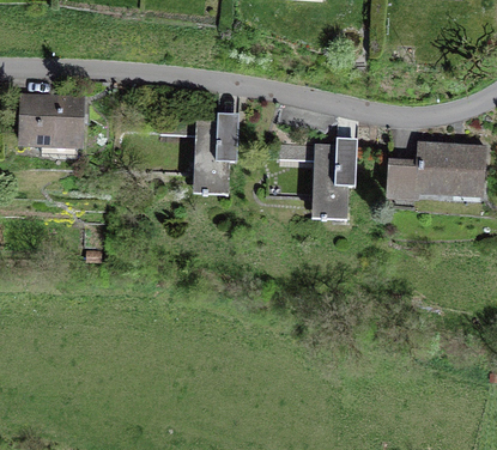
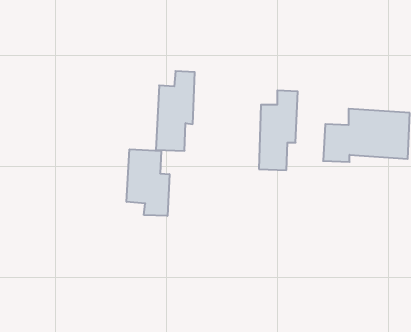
building: [16,86,83,148] -> none
building: none -> [127,149,169,216]

